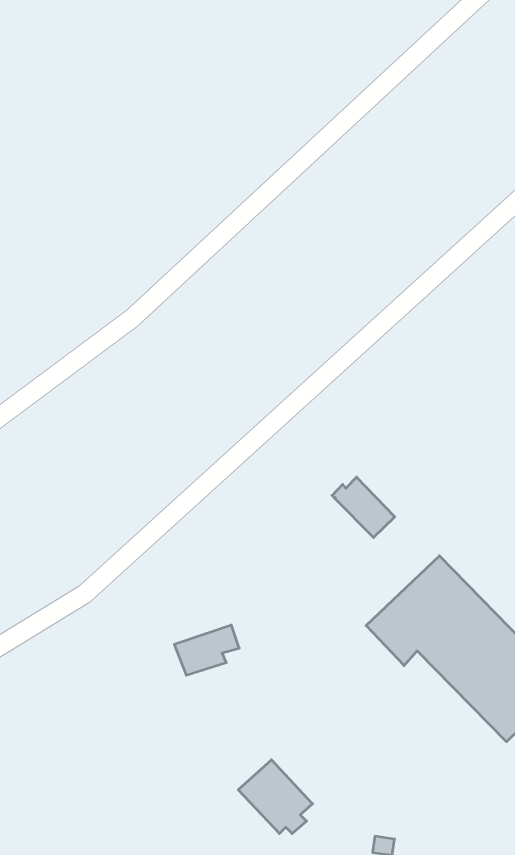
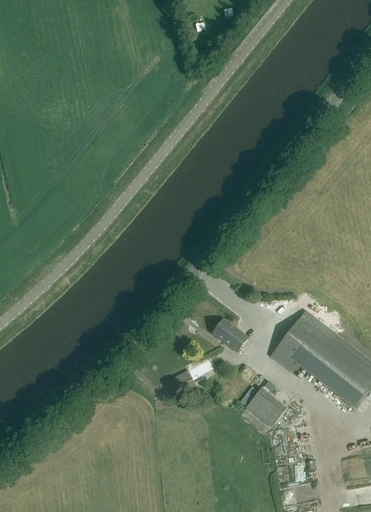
building: [332,477,395,538] -> [211,319,247,351]
building: [238,760,313,834] -> [246,387,288,427]

